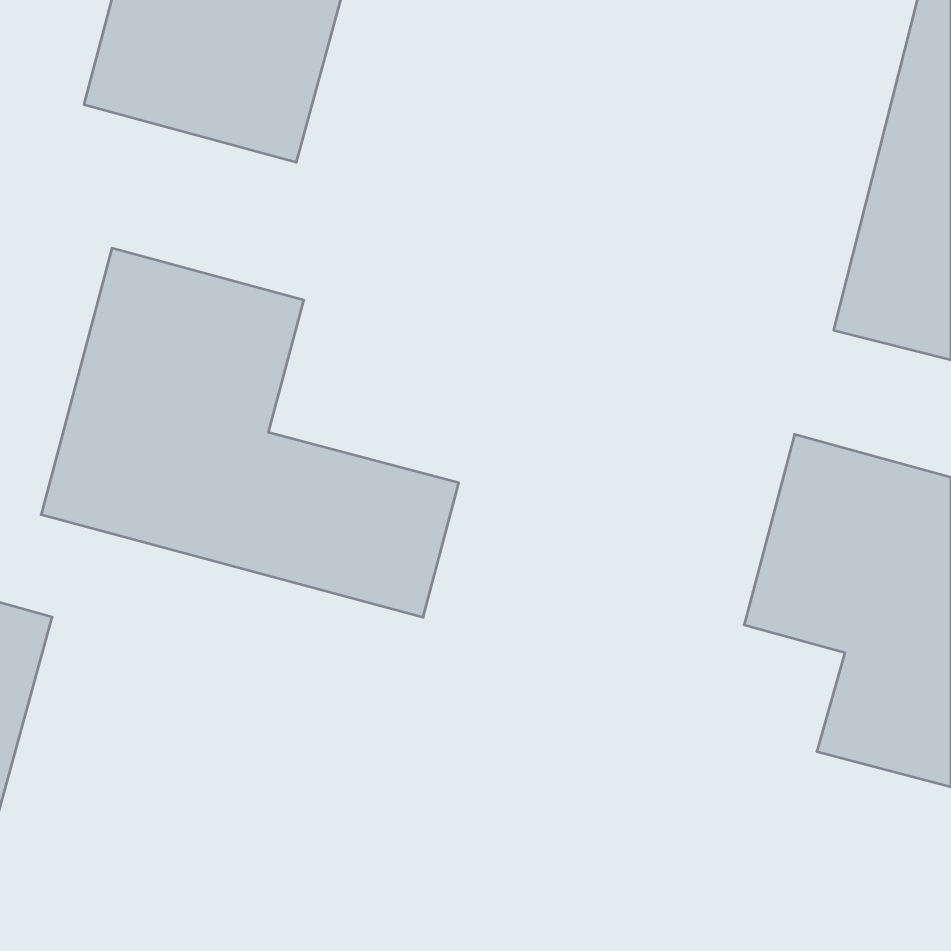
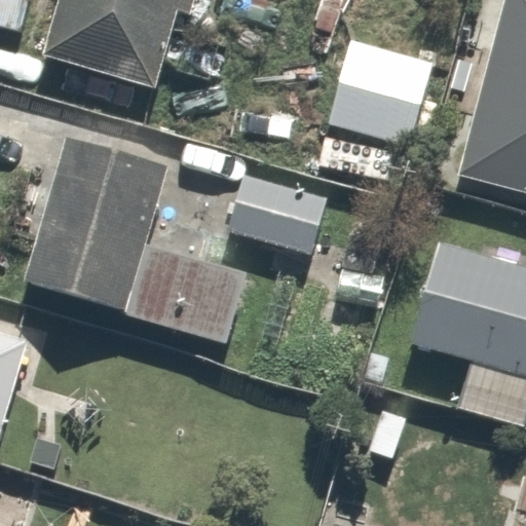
building: none -> [326,31,441,152]
building: none -> [223,170,333,260]

